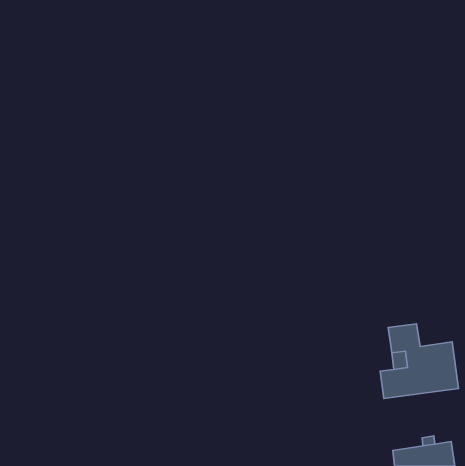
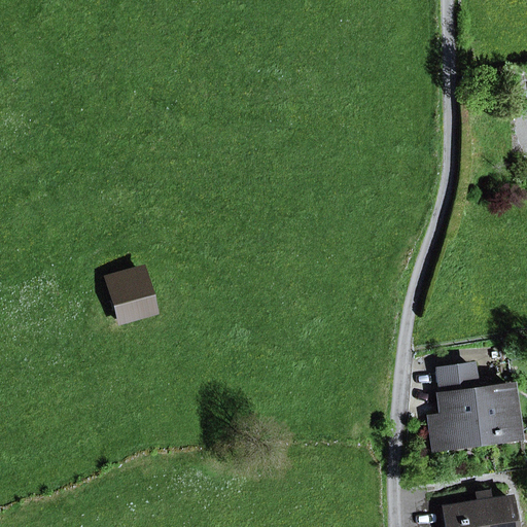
building: none -> [104,259,151,320]

